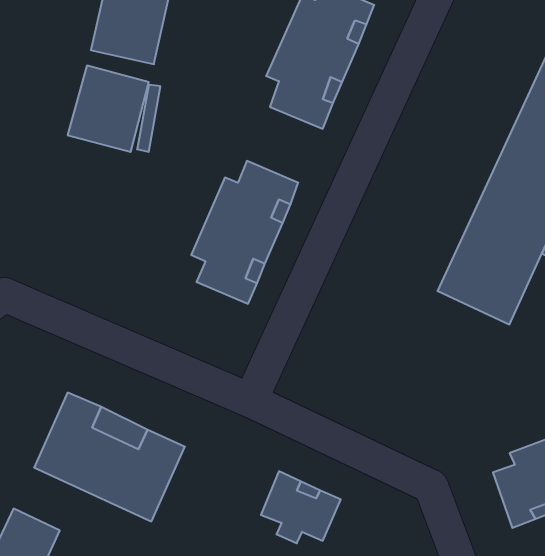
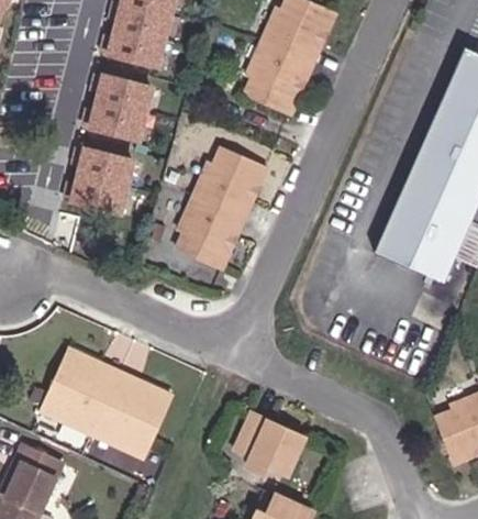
building: none -> [54,142,121,209]

